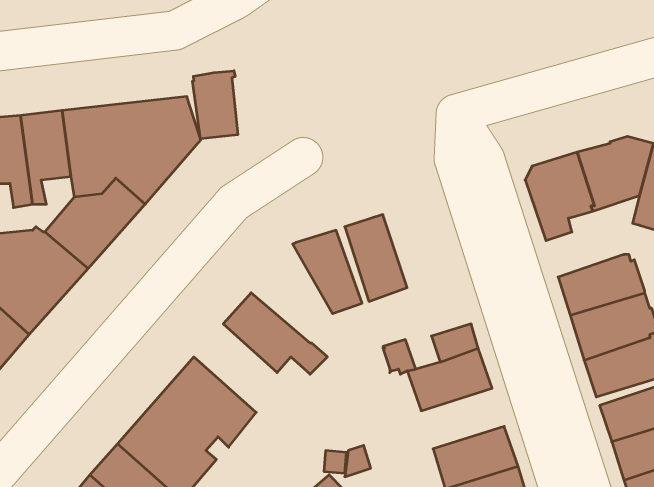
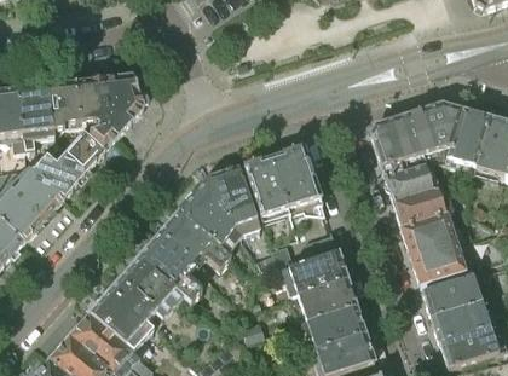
building: [192,71,238,139] -> none
building: none -> [271,145,321,207]
building: none -> [385,162,439,199]
building: none -> [179,177,236,245]
building: none -> [139,232,203,301]
building: none -> [298,277,356,319]

